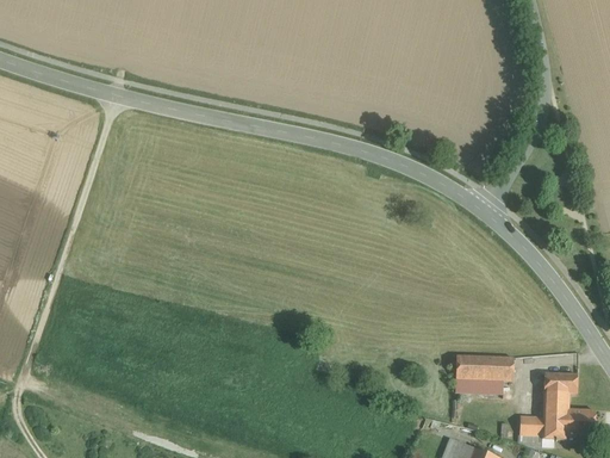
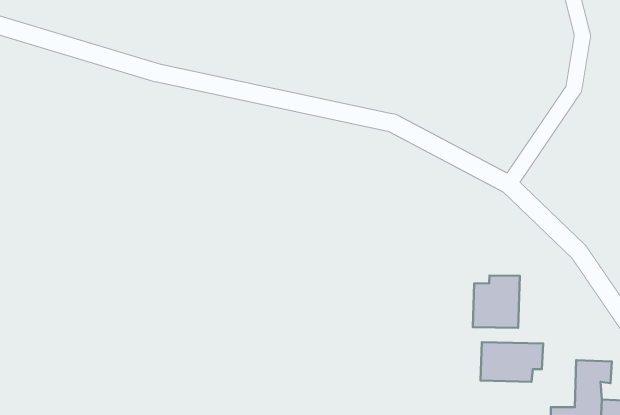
building: none -> [473,275,520,328]

